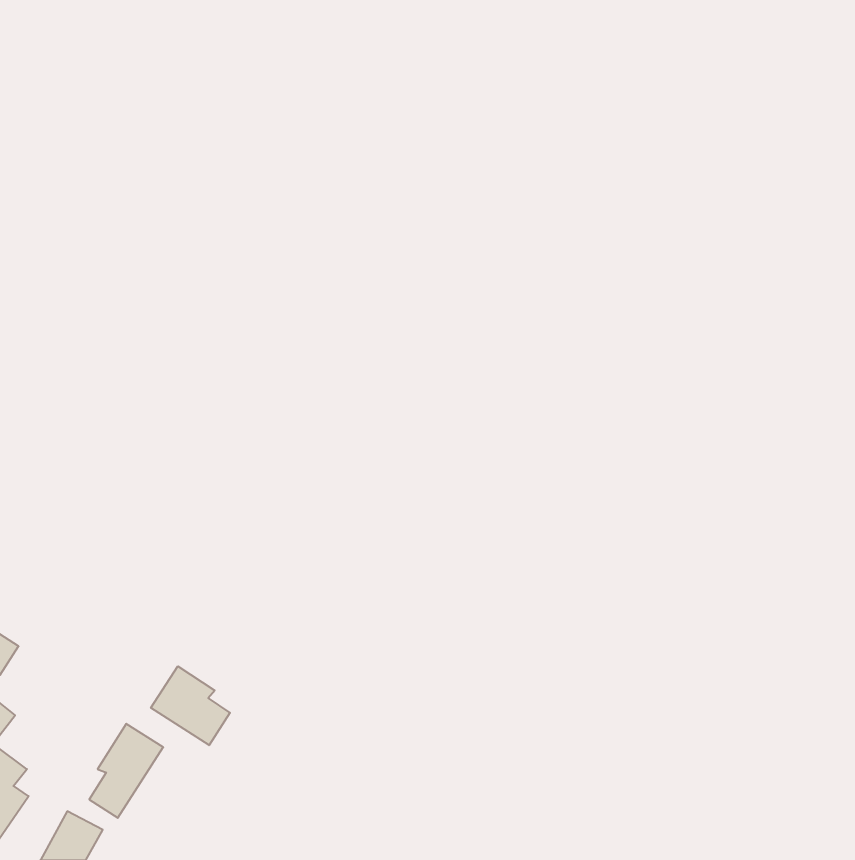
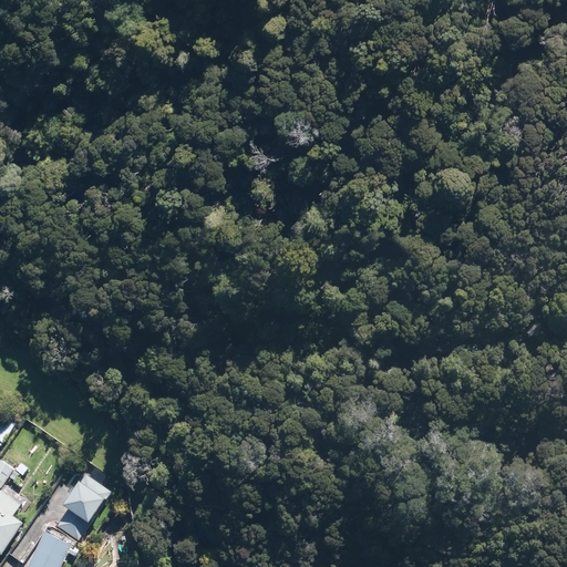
building: [151,666,230,745] -> none

